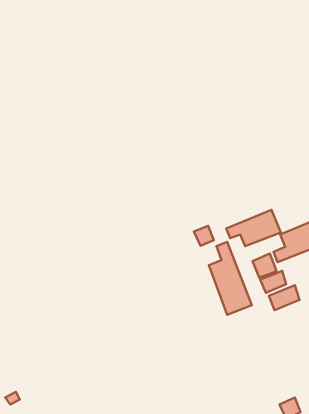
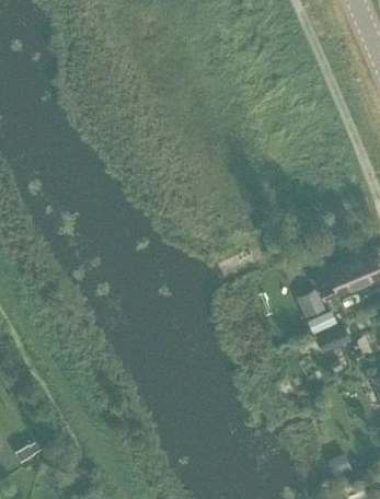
building: [226,210,281,246] -> none
building: [209,242,252,315] -> none

